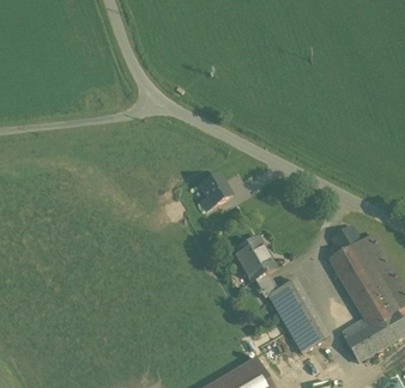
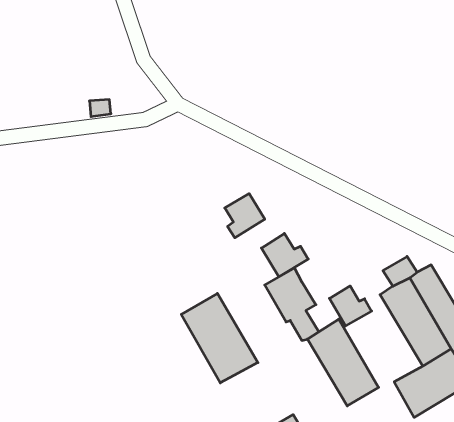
building: none -> [261,233,308,277]
building: none -> [329,286,372,326]
building: none -> [181,293,258,383]

